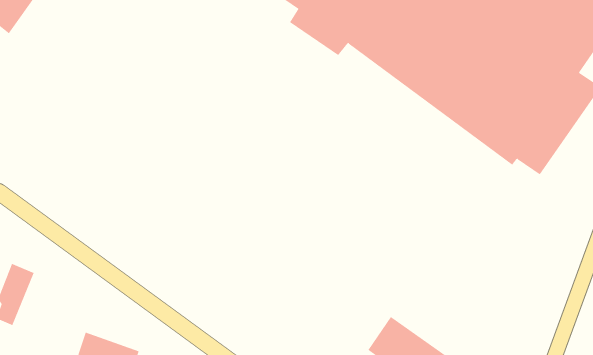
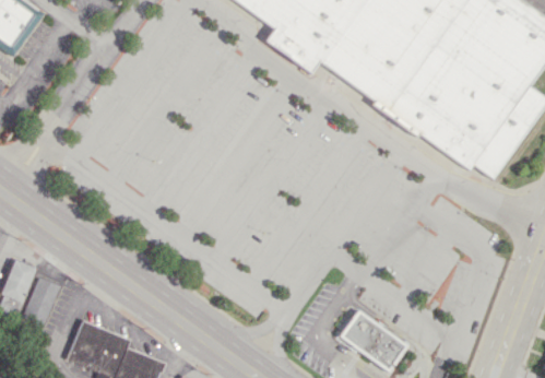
building: none -> [23,276,60,326]

